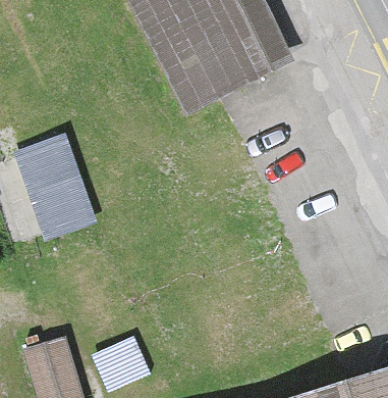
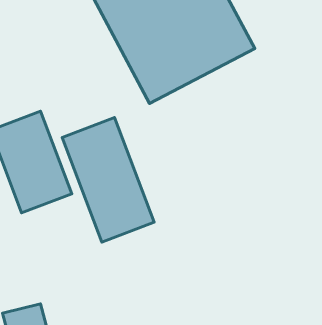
building: none -> [62,118,154,242]

